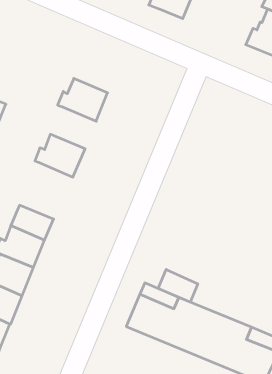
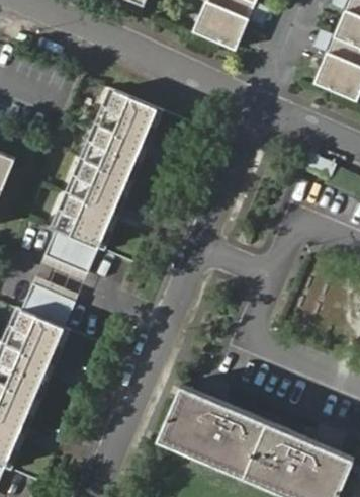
building: none -> [93,91,156,144]
building: none -> [65,161,127,214]
building: none -> [44,231,98,274]
building: [158,269,198,302] -> none

